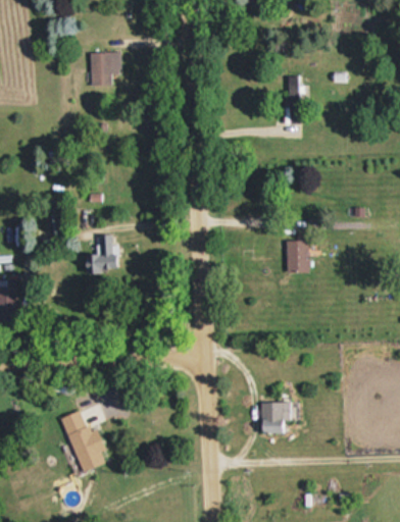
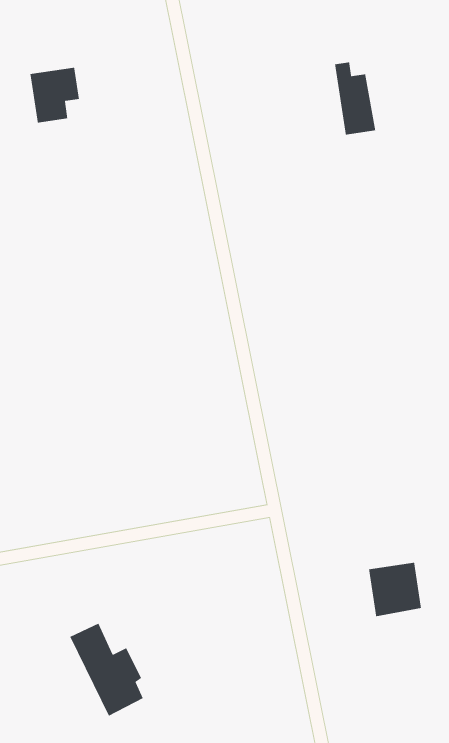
building: [86,234,115,273] -> none
building: [286,241,308,272] -> none

